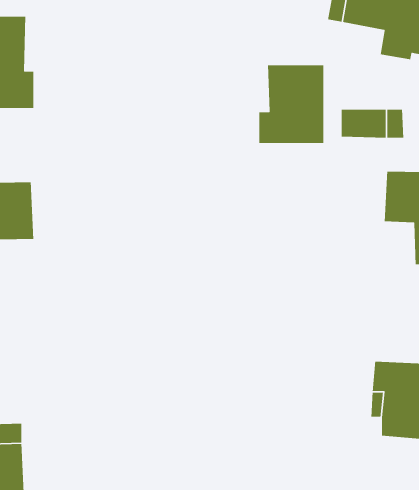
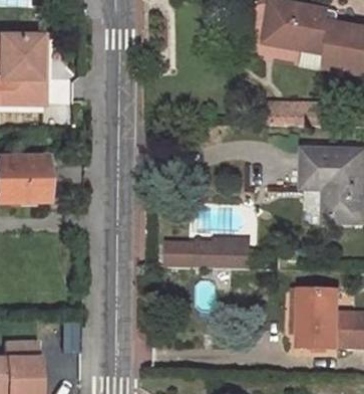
building: [259,64,324,144] -> none
building: none -> [167,243,258,267]

